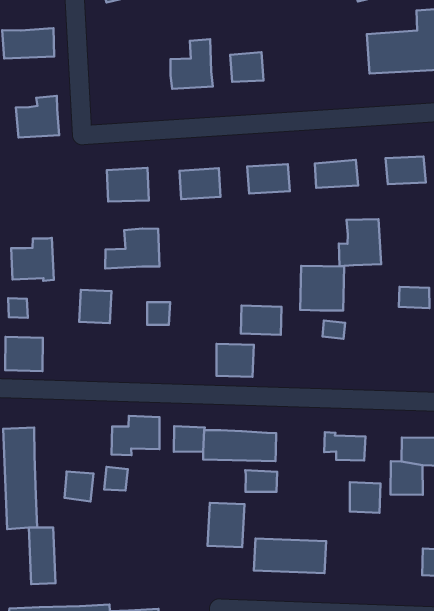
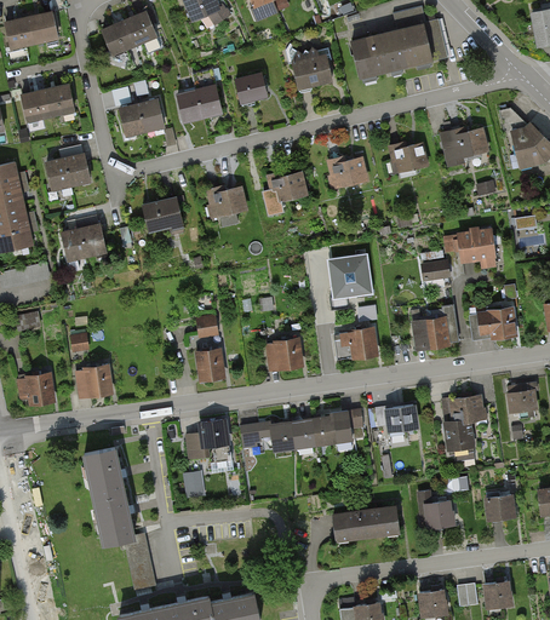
building: none -> [292,56,332,91]
building: none -> [121,101,165,134]
building: [339,219,381,266] -> none
building: [105,229,159,268] -> none
building: [11,238,54,281] -> [63,216,107,259]
building: [79,290,111,323] -> [194,349,225,381]
building: [241,305,282,335] -> [338,328,378,358]
building: none -> [412,305,460,354]
building: [245,470,277,492] -> [332,408,363,431]
building: [65,472,94,501] -> none
building: [350,482,380,513] -> [423,499,454,529]
building: [208,503,244,547] -> none

